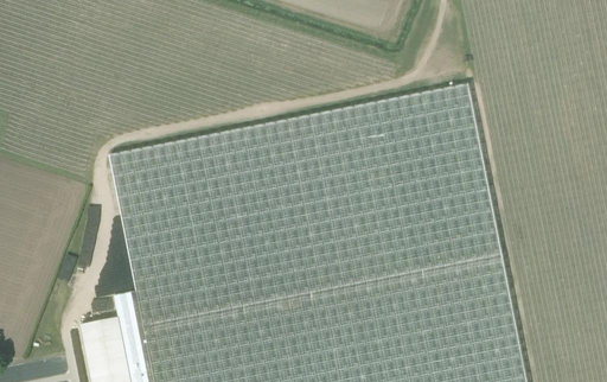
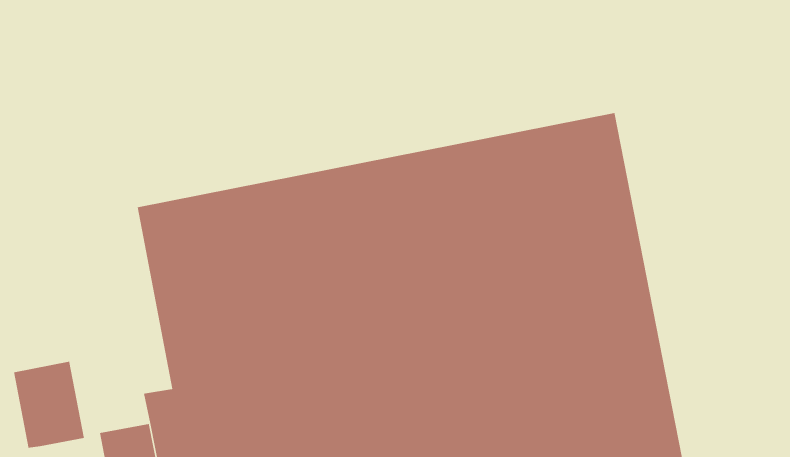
building: none -> [14,361,84,448]

